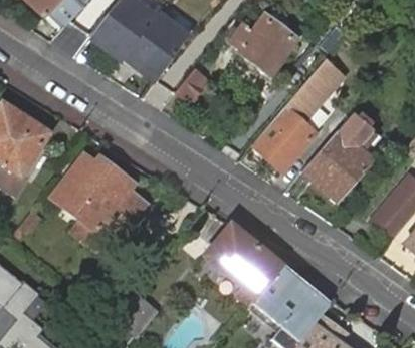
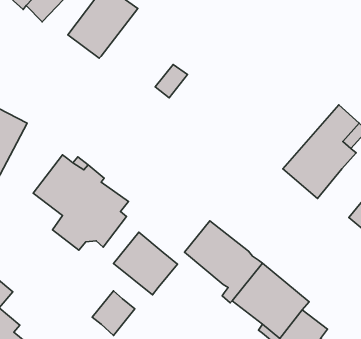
building: [123,12,190,83] -> none
building: [231,16,298,75] -> none
building: [253,58,345,169] -> none
building: none -> [113,232,177,295]

